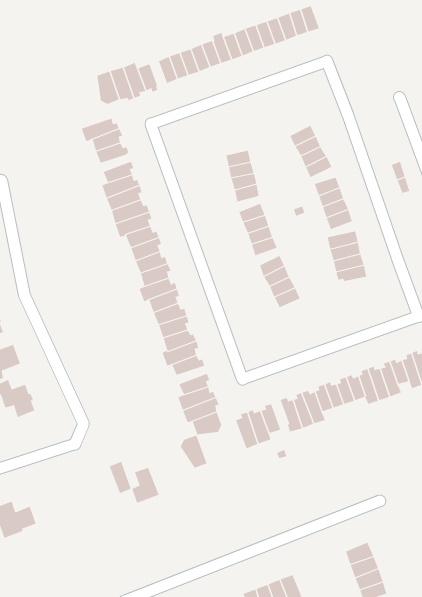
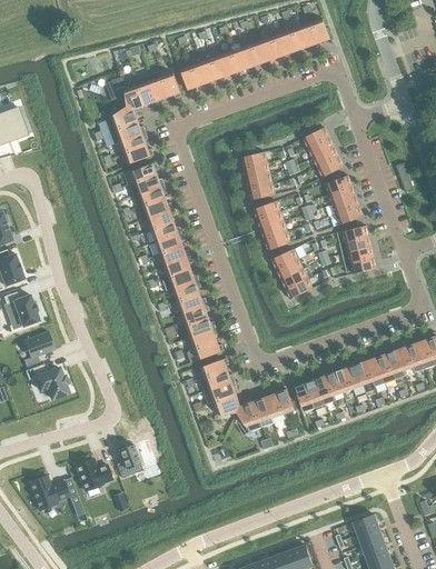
building: none -> [106,107,139,132]
building: [180,435,208,468] -> [237,401,262,432]
building: [132,467,159,503] -> [117,445,142,478]
building: none -> [76,458,112,491]

